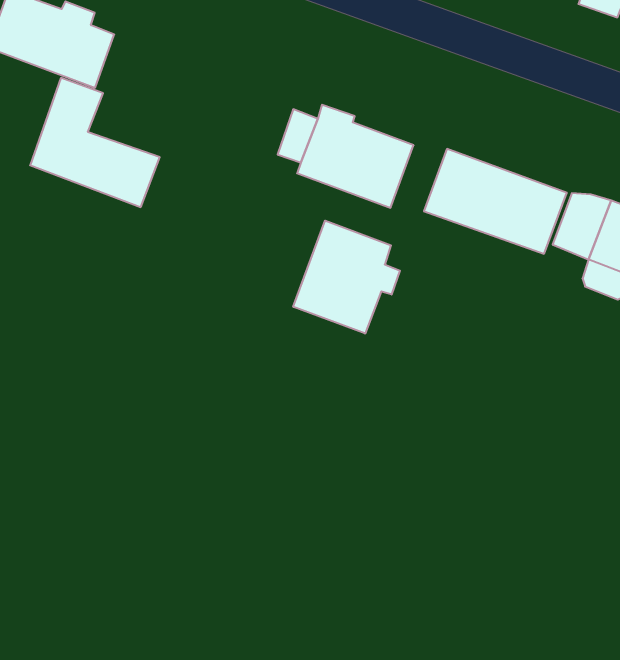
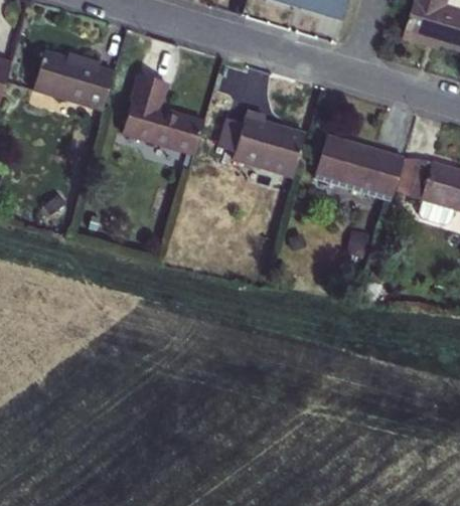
building: [30,78,160,207] -> [122,76,203,155]
building: [293,221,400,334] -> none

